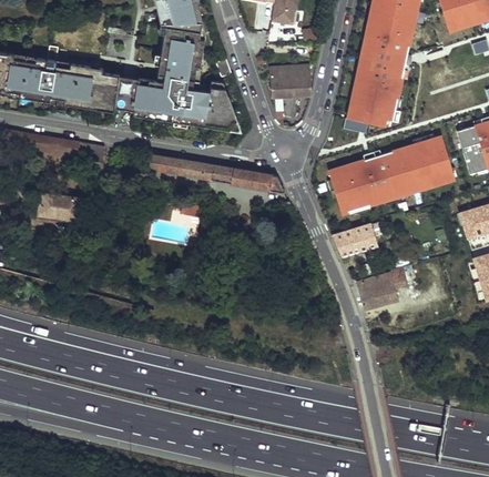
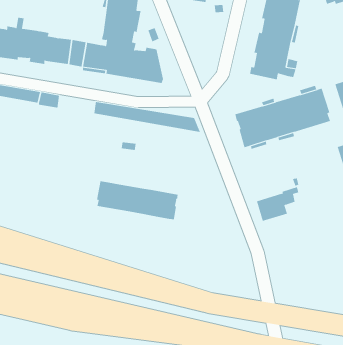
building: [261,59,315,99] -> none
building: [37,192,80,221] -> none
building: [332,224,377,256] -> none
building: none -> [97,180,178,220]

